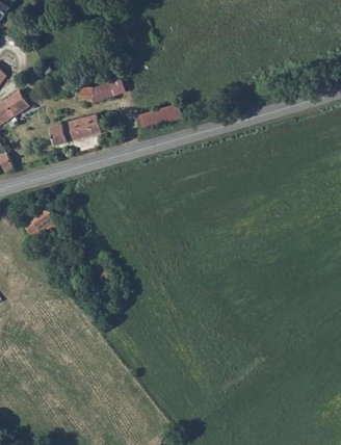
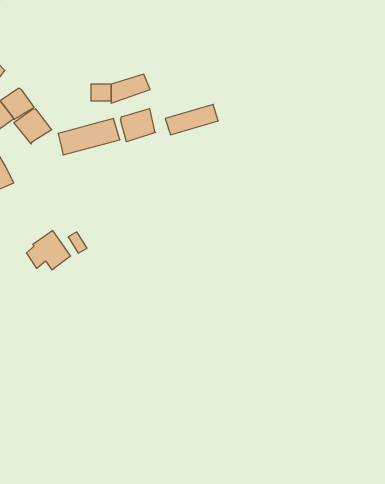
building: none -> [121,109,156,142]
building: none -> [14,109,52,144]

